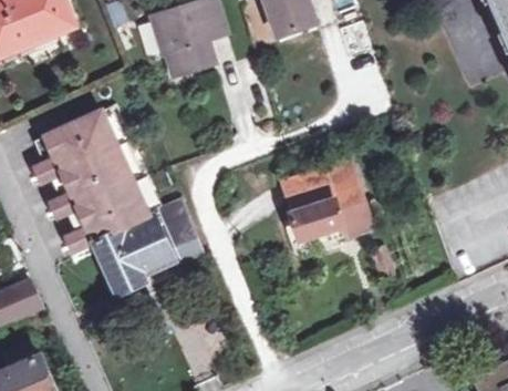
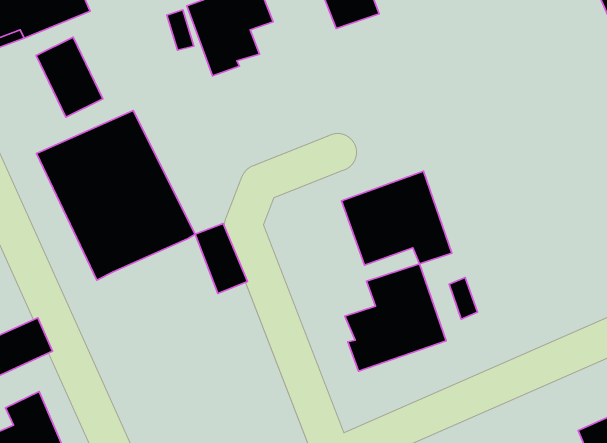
building: none -> [36,37,103,117]
building: [94,213,180,295] -> none
building: none -> [345,264,446,371]

